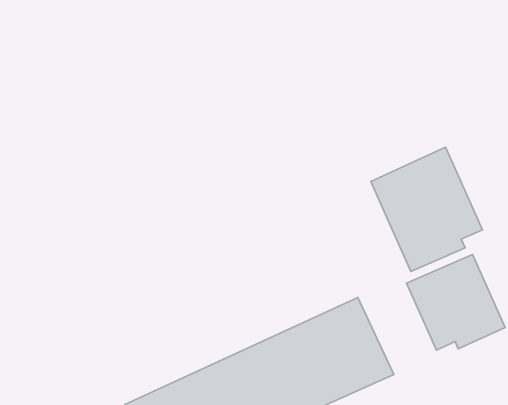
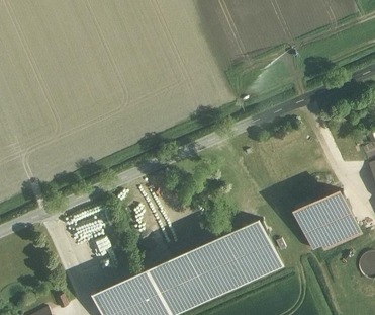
building: [371,147,483,272] -> none

